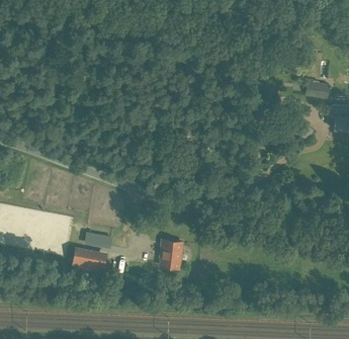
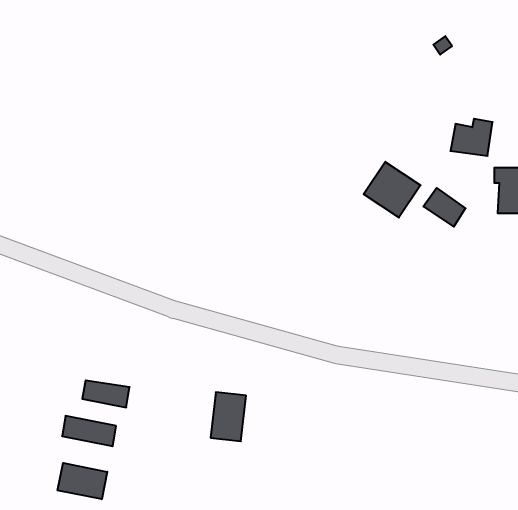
building: none -> [364,162,421,218]
building: none -> [58,463,107,499]

